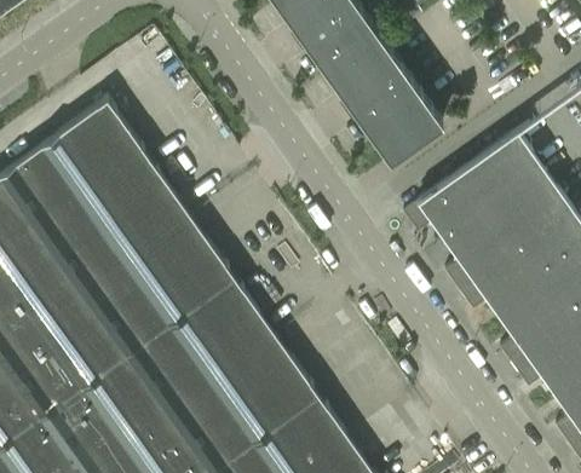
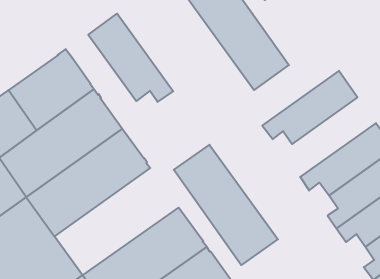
building: none -> [88,14,173,102]
building: [444,173,573,293] -> none
building: none -> [174,145,278,265]
building: [90,279,276,440] -> none

